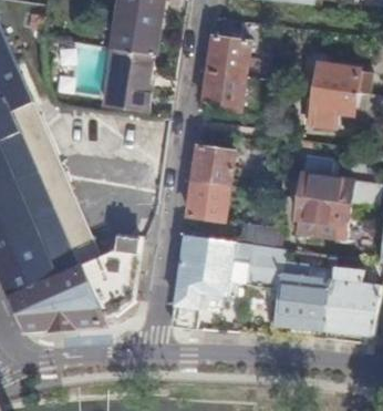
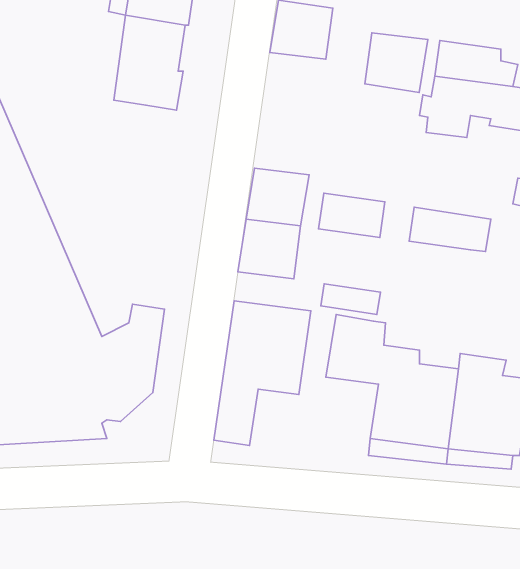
building: [203,71,244,110] -> [365,33,428,92]
building: [294,194,338,223] -> [319,193,385,237]

